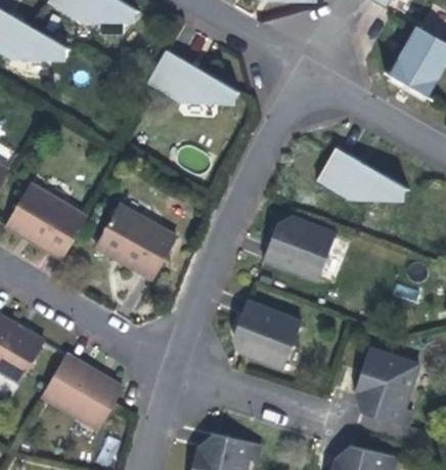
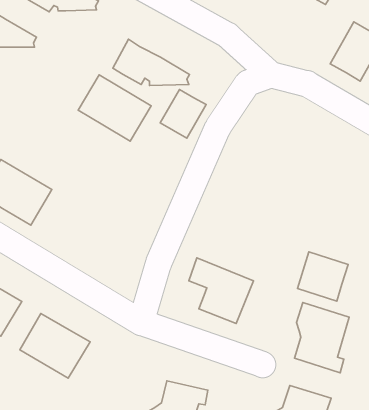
building: none -> [160,89,206,138]
building: [315,145,402,197] -> none
building: [265,206,337,269] -> none
building: [91,208,173,283] -> [78,75,151,141]
building: none -> [298,252,348,301]

